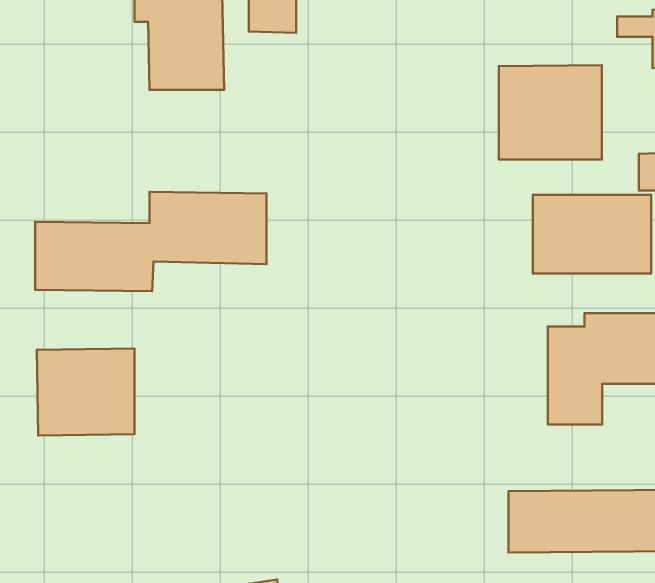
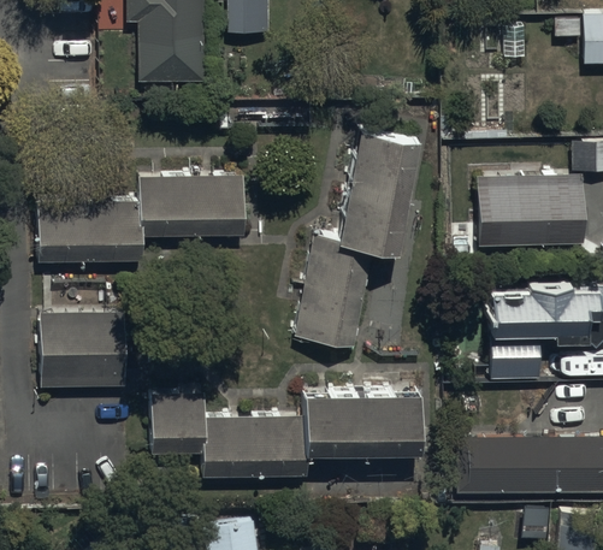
building: [499,65,602,160] -> none
building: none -> [294,124,419,341]
building: none -> [149,391,420,478]

